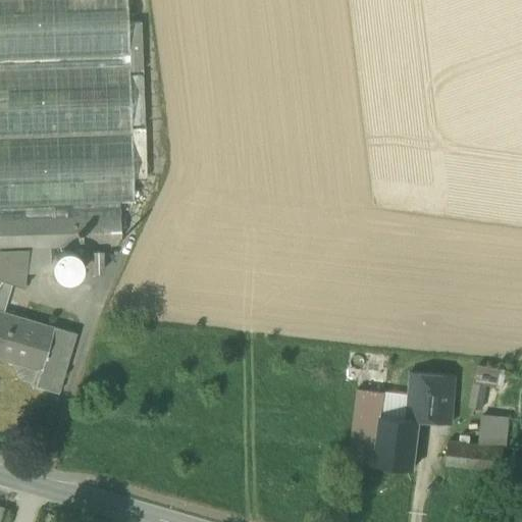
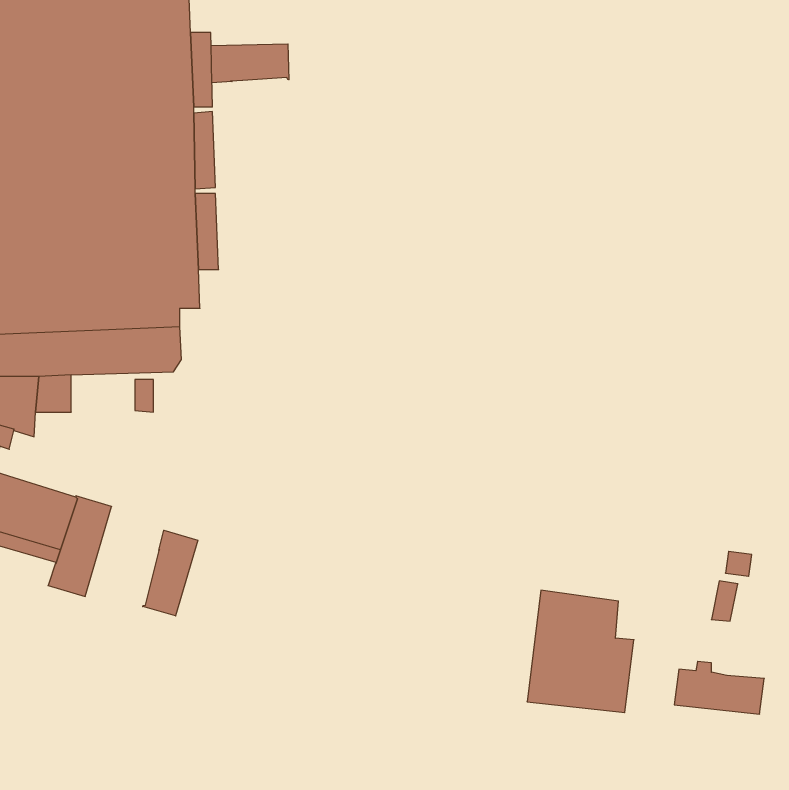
building: none -> [211,44,289,83]
building: none -> [143,530,198,616]
building: [405,371,454,423] -> none
building: [478,415,506,447] -> none

